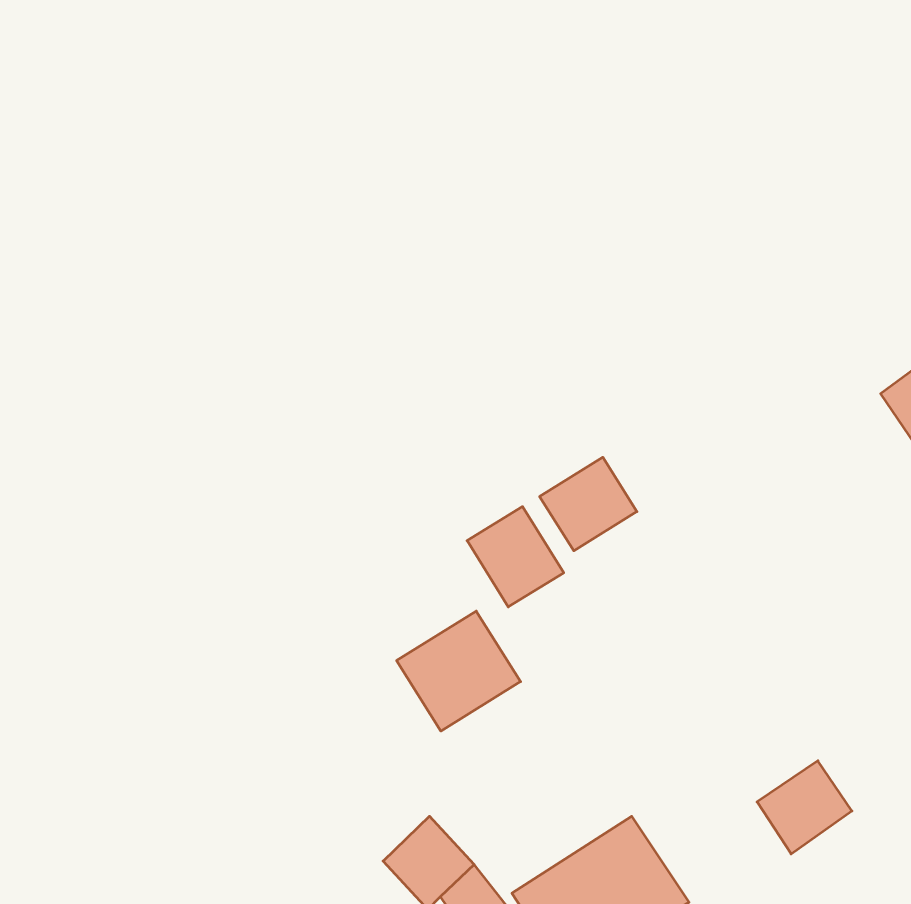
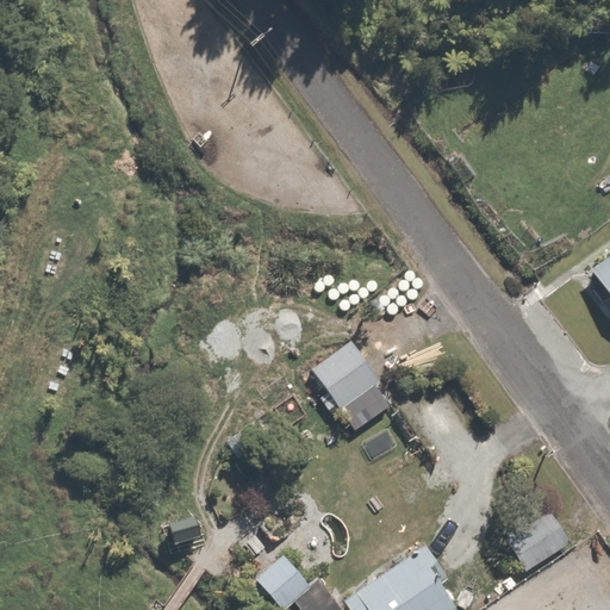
building: [540,457,637,551] -> none
building: [397,611,521,731] -> none

